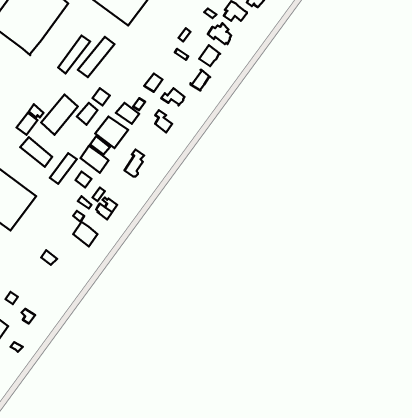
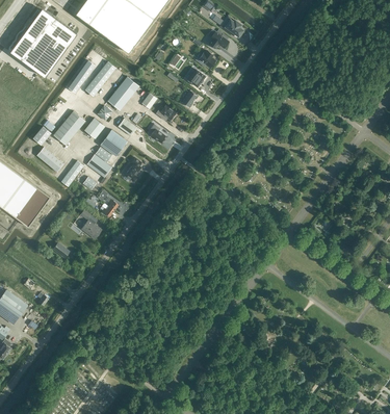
building: none -> [108,77,139,111]

